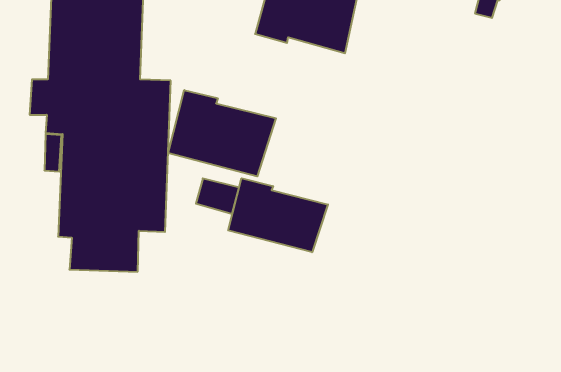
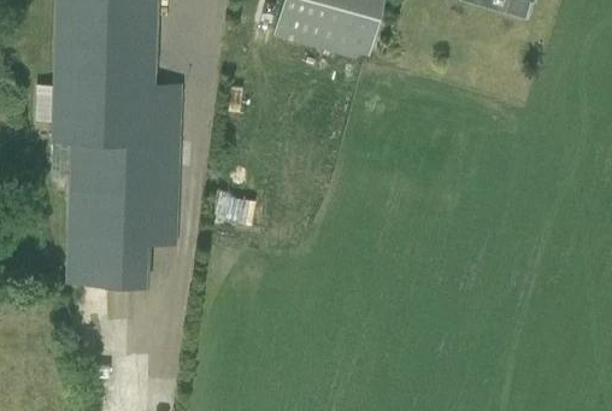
building: [168,90,276,176] -> none
building: [228,178,328,252] -> none

